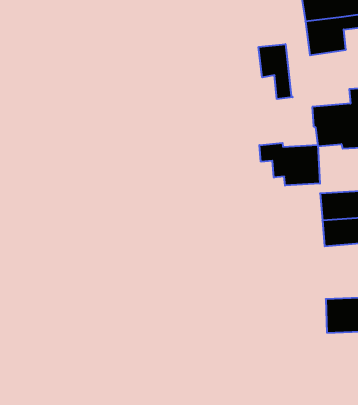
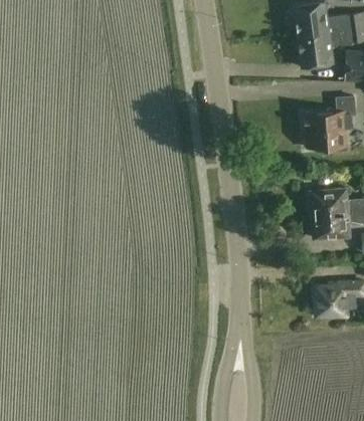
building: [259,44,293,99] -> none
building: [259,143,320,186] -> none

